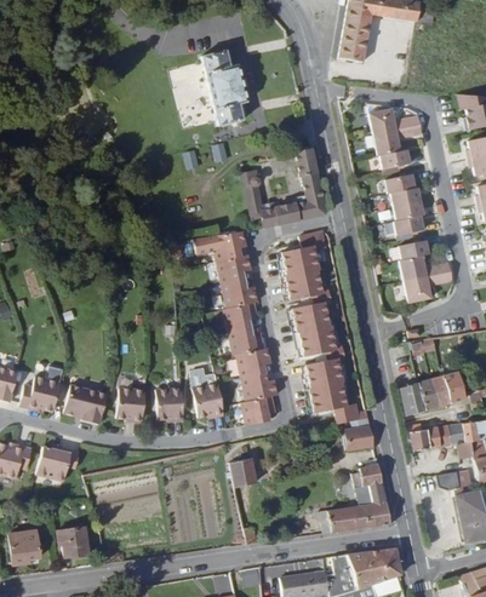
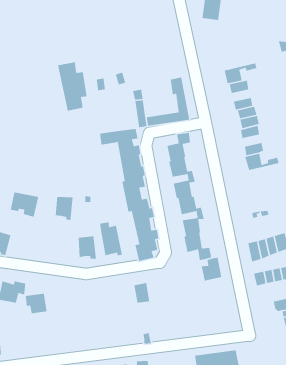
building: [204,46,248,120] -> [57,62,88,111]
building: [367,110,419,137] -> none
building: [408,275,456,306] -> none
building: [63,383,107,421] -> [10,191,39,218]
building: [116,383,144,419] -> [55,196,74,221]
building: [321,459,387,533] -> none
building: [58,528,92,559] -> [25,293,48,314]

